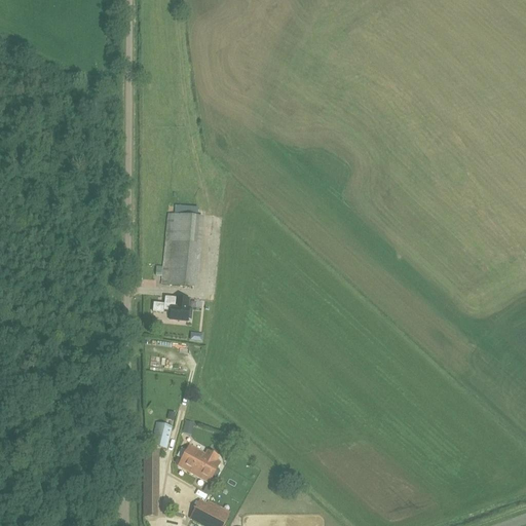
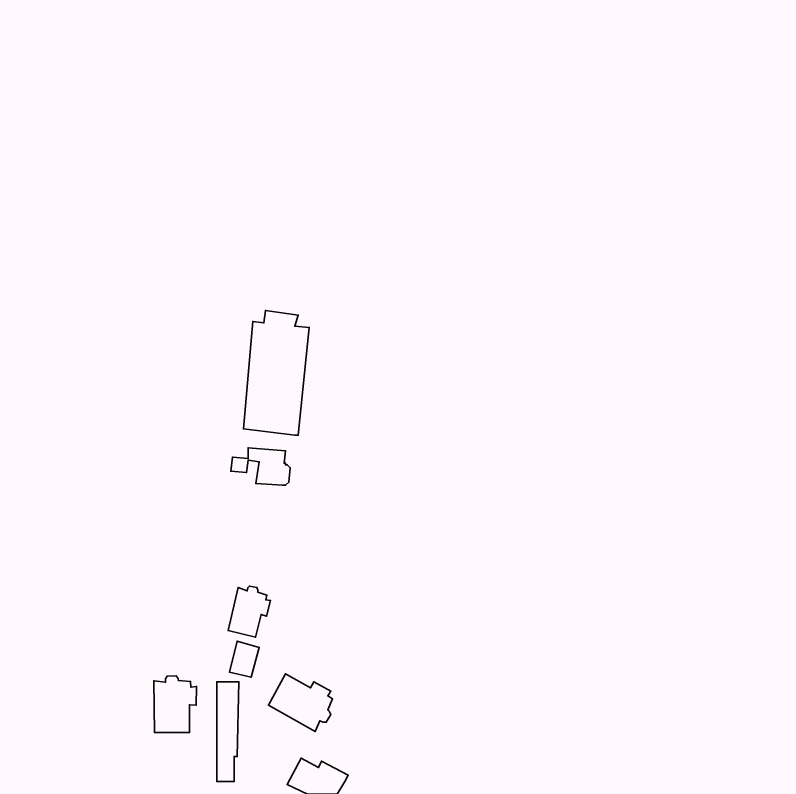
building: none -> [228,586,270,637]
building: none -> [154,676,196,732]

